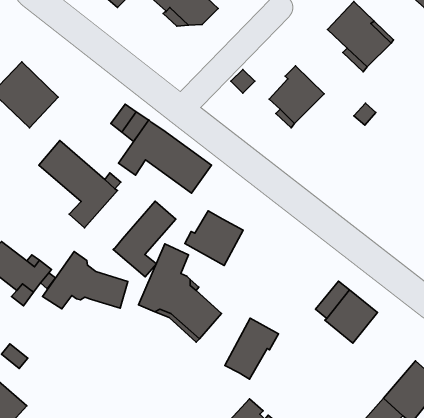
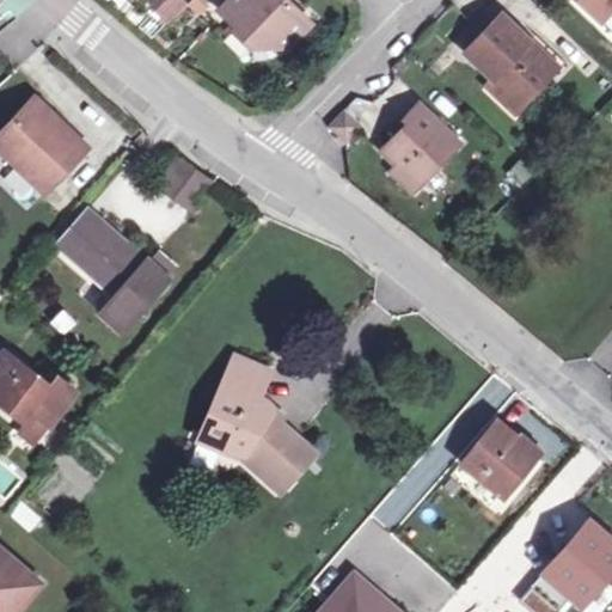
building: [118,120,212,193] -> none
building: [113,201,176,277] -> none
building: [185,211,243,265] -> none
building: [43,252,128,309] -> none
building: [225,318,278,379] -> none

